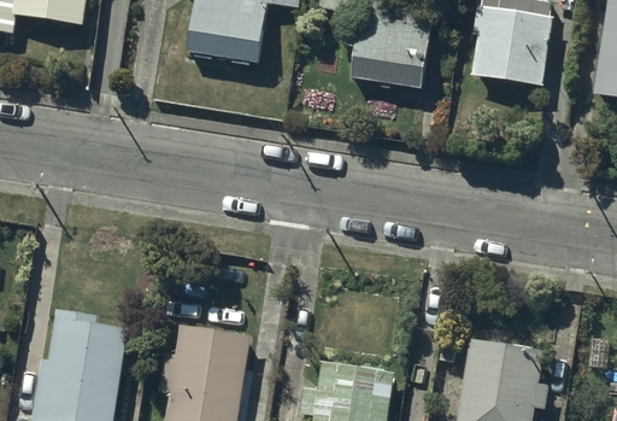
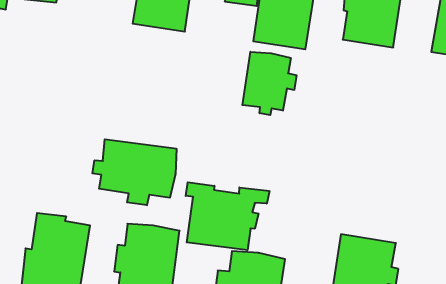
building: none -> [242,52,297,115]
building: none -> [92,139,176,205]
building: none -> [186,182,269,250]

